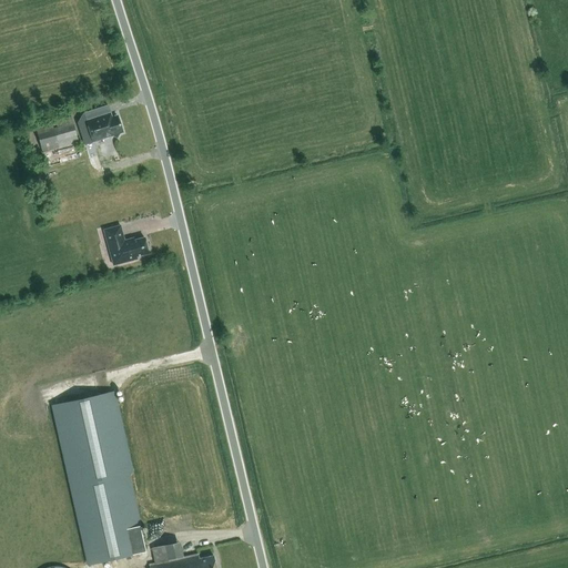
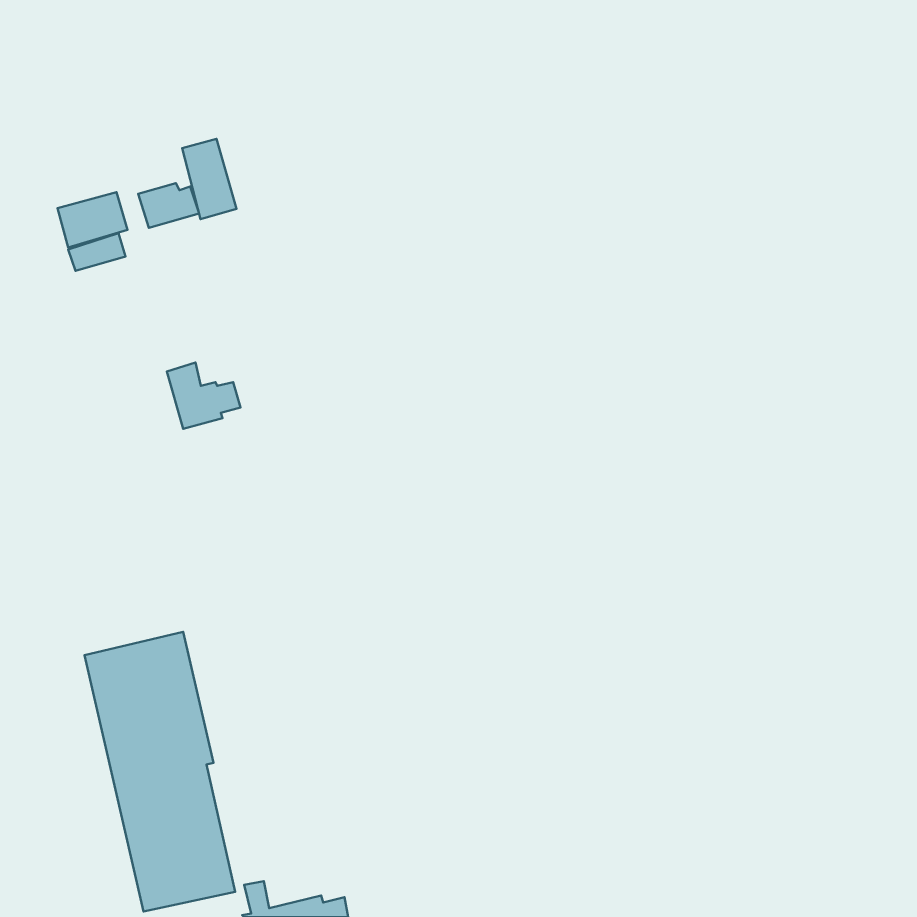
building: none -> [182,139,236,219]

